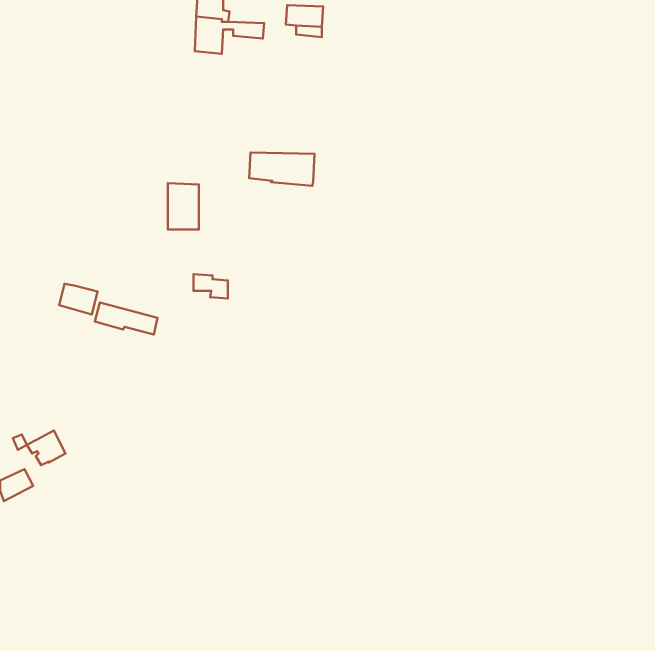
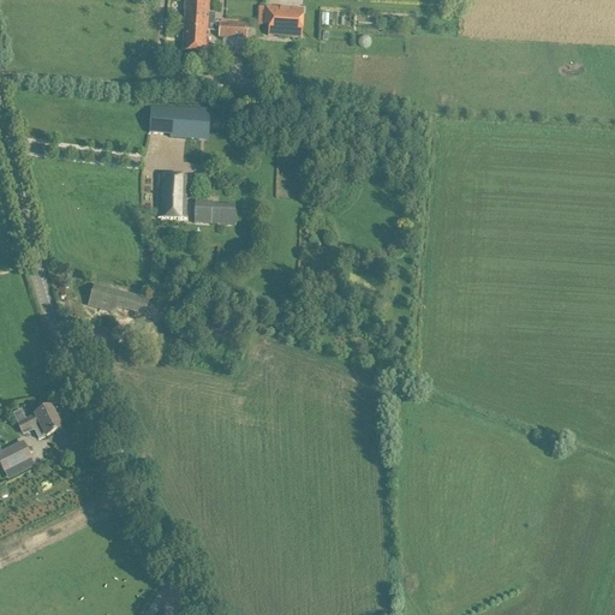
building: [249,153,315,186] -> [149,106,210,137]
building: [193,274,228,298] -> [195,198,227,221]
building: [59,284,98,314] -> none

